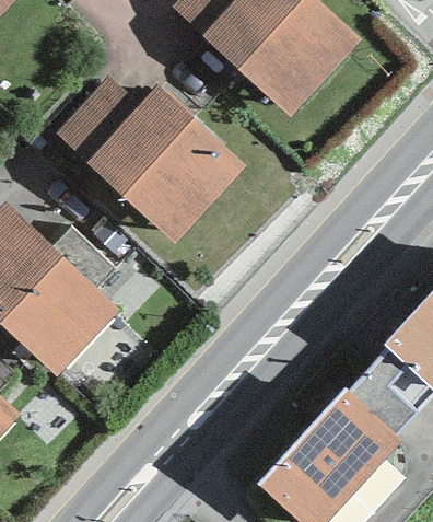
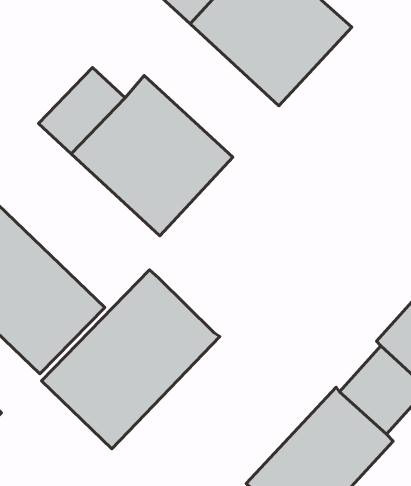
building: none -> [42,270,220,449]

